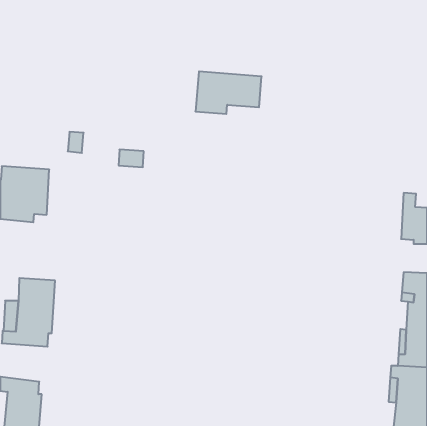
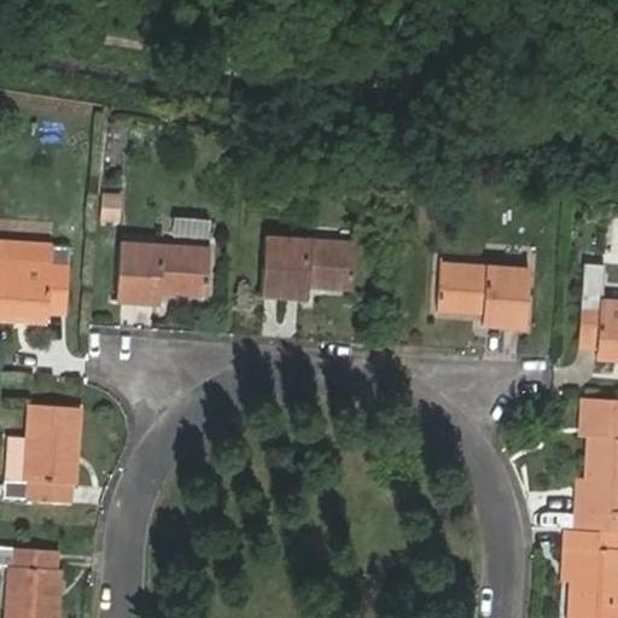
building: [195,71,262,114] -> [261,235,356,297]
building: none -> [116,241,210,303]
building: none -> [437,263,529,327]

